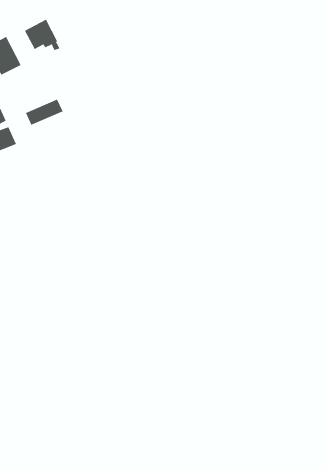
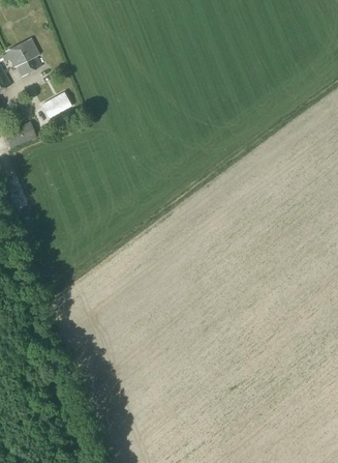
building: [24,19,60,51] -> none

